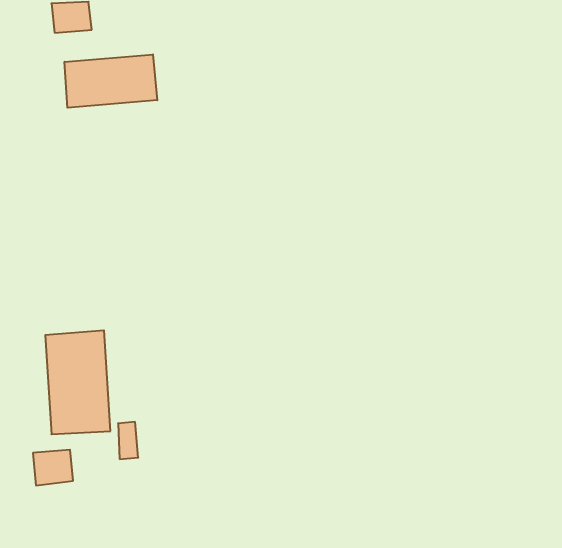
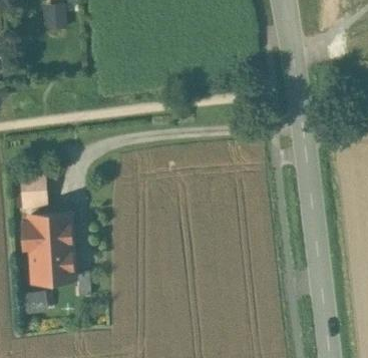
building: [65,54,157,108] -> none
building: none -> [19,171,47,210]

